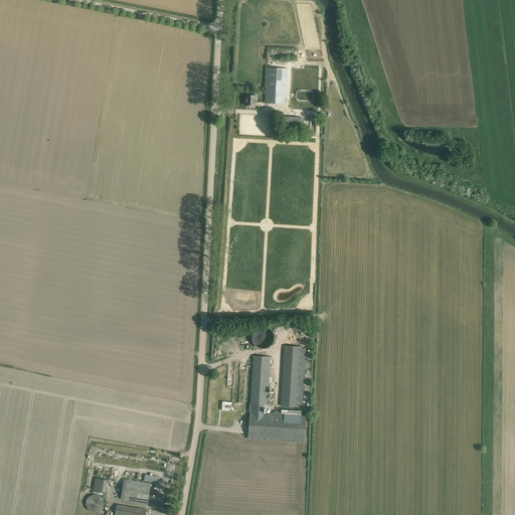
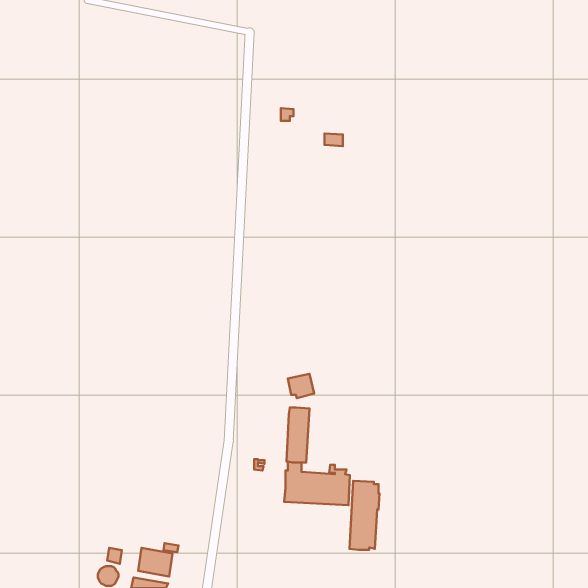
building: [265,67,287,104] -> none
building: [281,346,307,406] -> [350,481,380,550]

